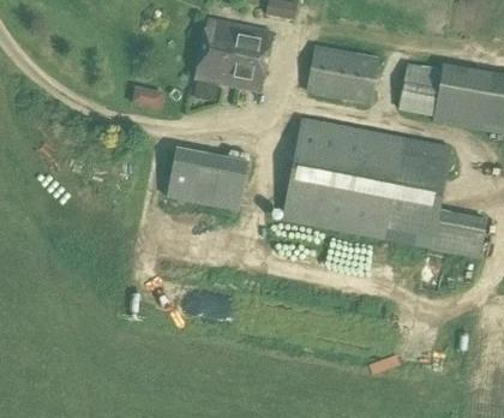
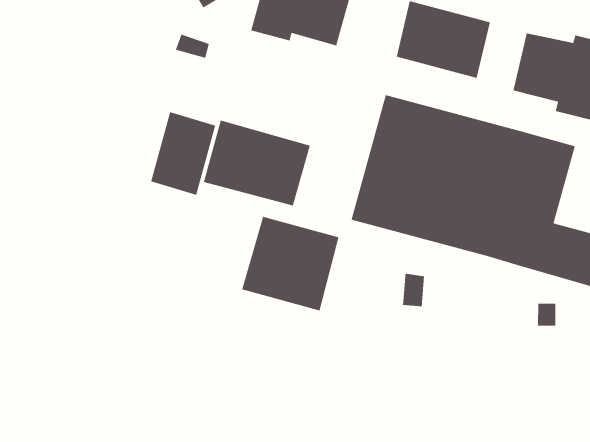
building: none -> [150,111,216,196]
building: none -> [241,216,340,312]

